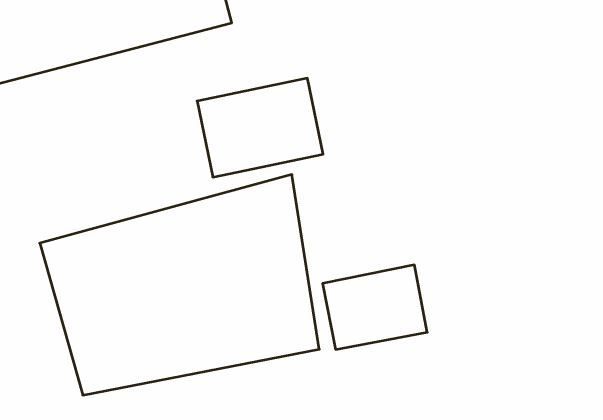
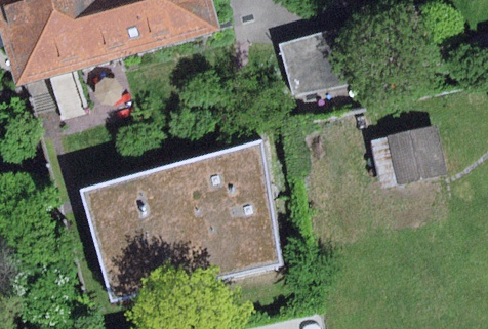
building: [197,78,323,177] -> [278,26,368,96]
building: [323,265,427,349] -> [370,126,445,187]

